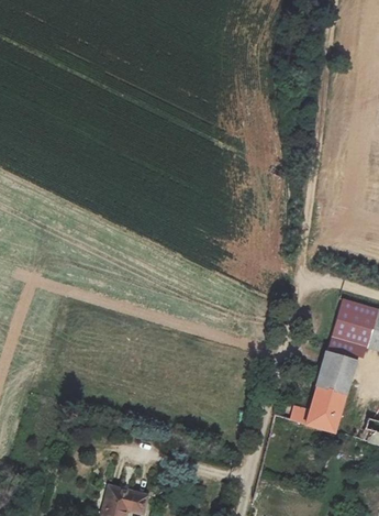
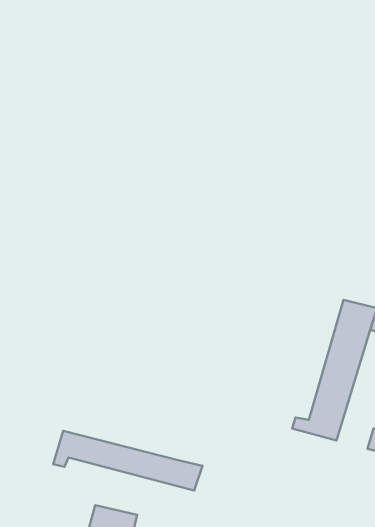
building: none -> [53,431,202,491]

